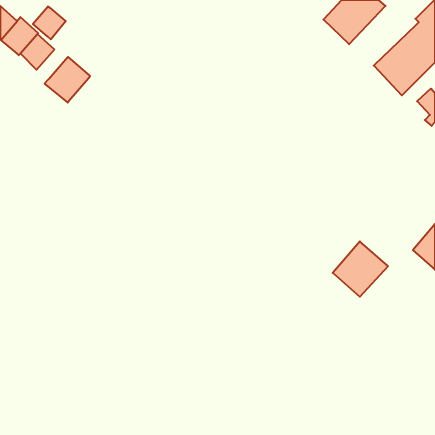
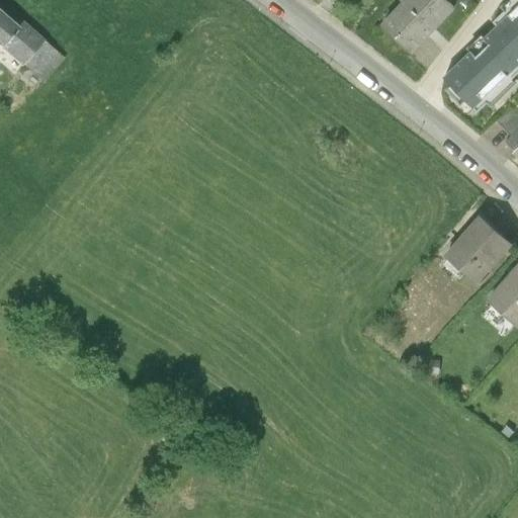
building: [33,6,66,39] -> none
building: [45,57,90,103] -> none
building: [333,241,388,297] -> [444,214,510,280]

